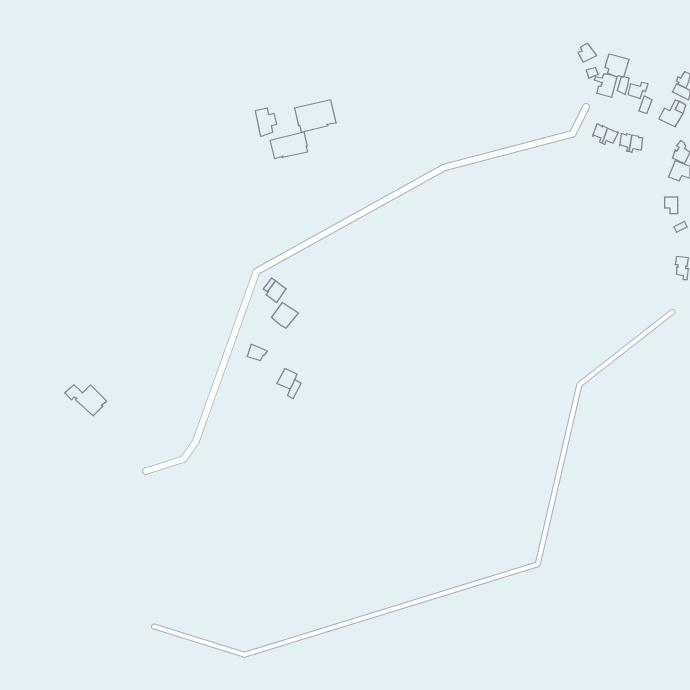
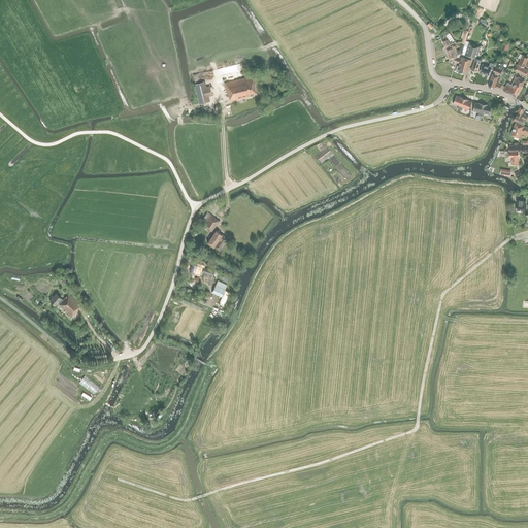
building: [270,132,308,159] -> none

